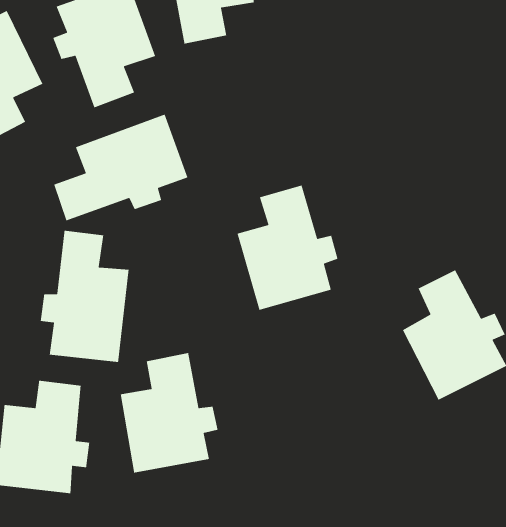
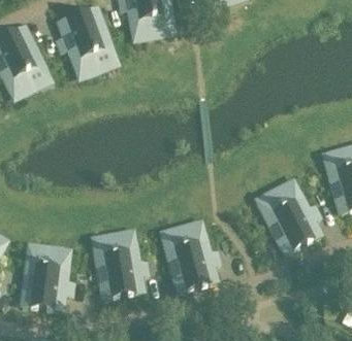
building: [53,113,189,221] -> none
building: [236,185,339,311] -> [161,217,222,293]
building: [40,230,129,363] -> none

